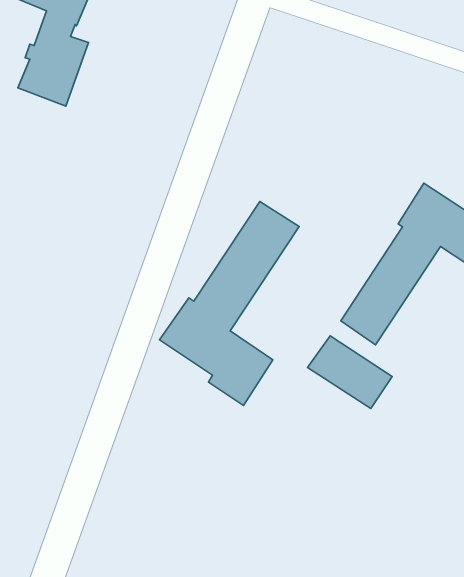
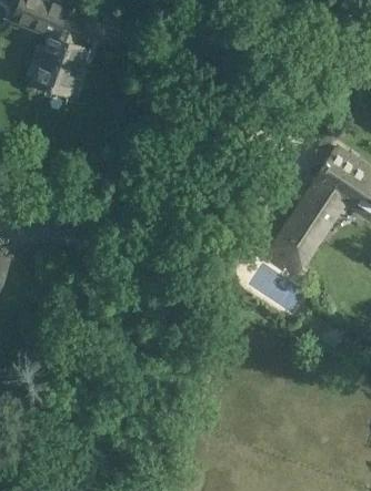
building: [160,202,299,405] -> none

